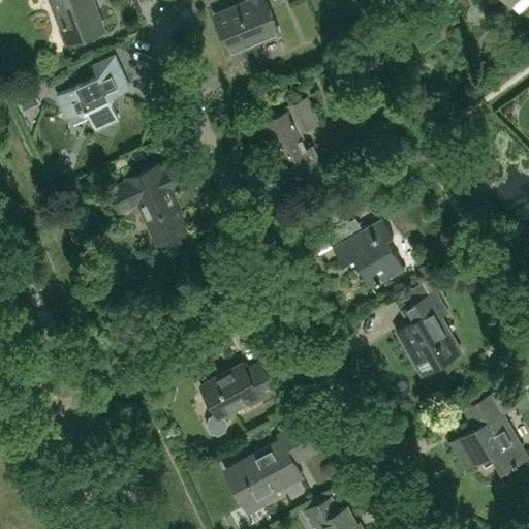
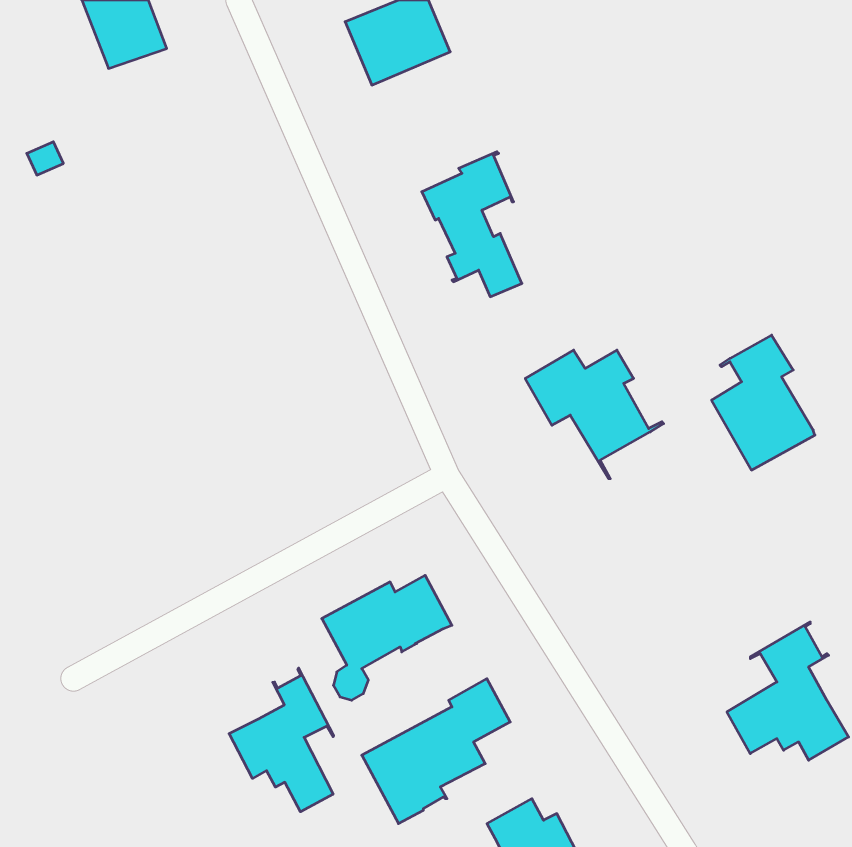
building: [57,58,127,131] -> none
building: [110,165,197,247] -> none
building: [396,292,460,376] -> [712,335,815,470]
building: none -> [229,668,334,812]

